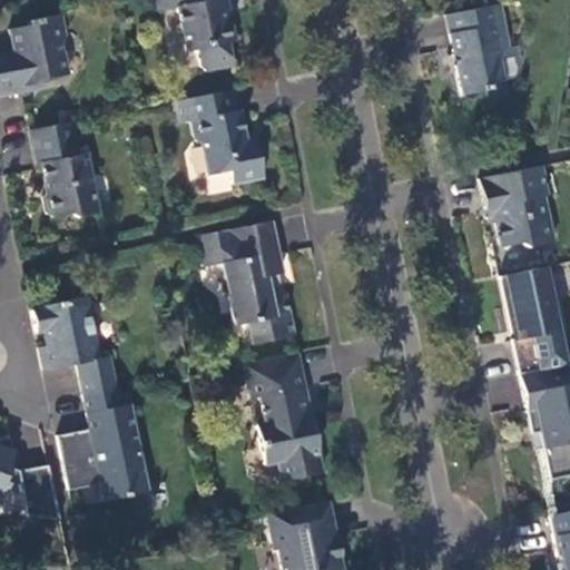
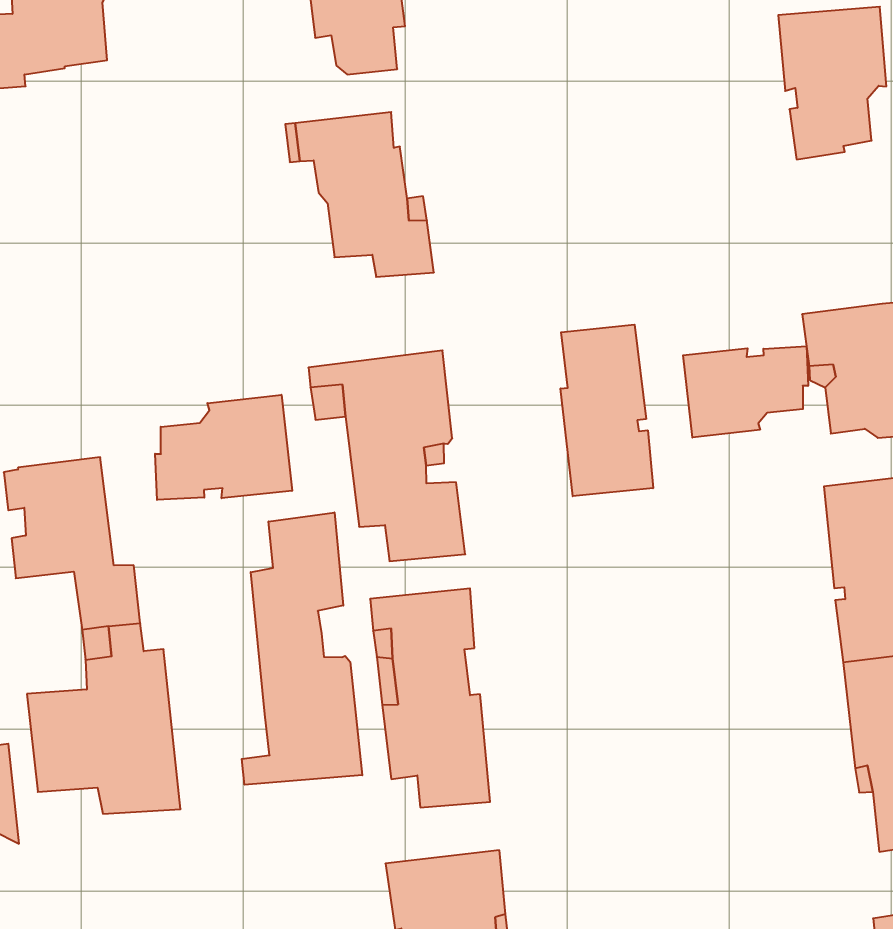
building: [31,121,100,217] -> none
building: none -> [561,325,653,496]
building: none -> [683,346,808,438]
building: none -> [155,395,292,500]
building: none -> [242,512,362,785]

